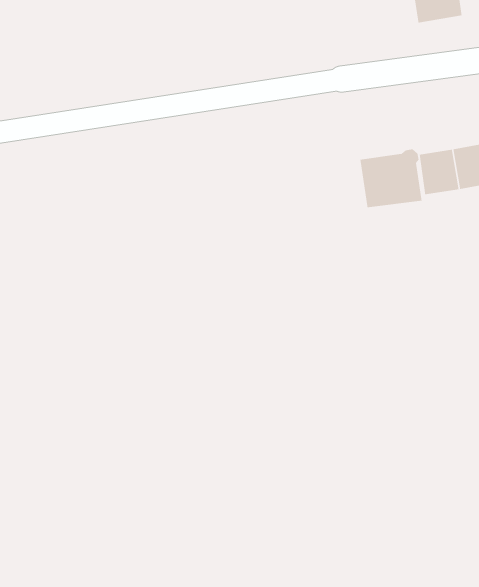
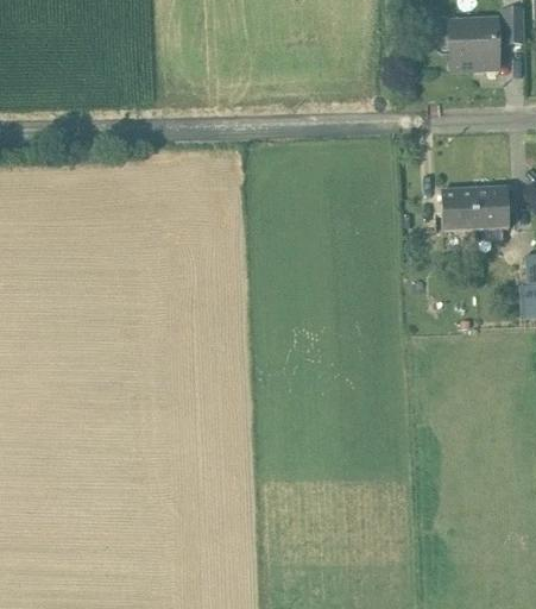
building: [360,148,422,208] -> none

